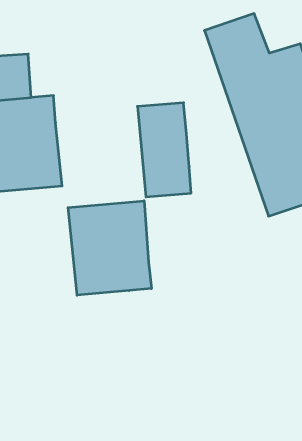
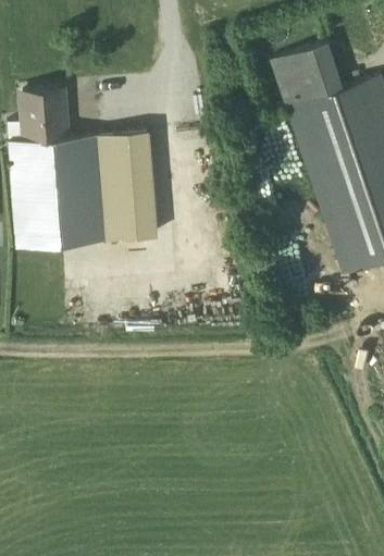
building: [137,103,191,197] -> [96,132,158,240]
building: [68,201,151,295] -> none

